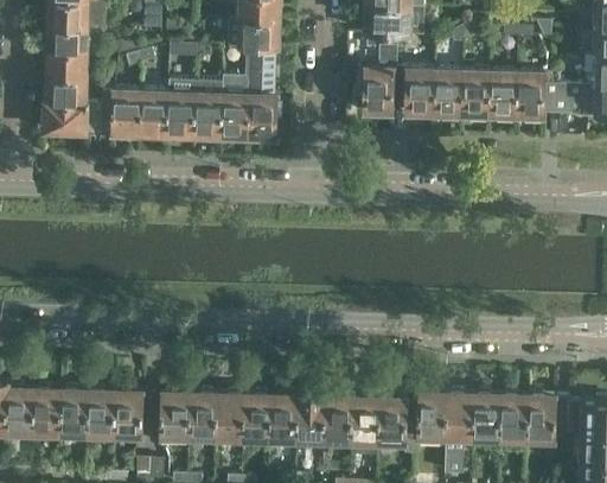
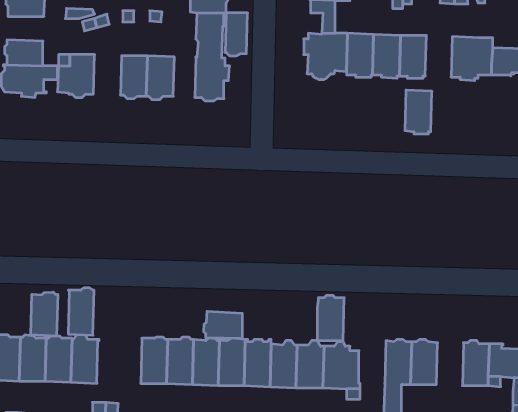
building: [45,51,87,77] -> none
building: [488,71,517,117] -> [405,90,432,134]
building: [139,91,168,136] -> none
building: [223,94,247,139] -> [225,13,248,56]
building: none -> [31,292,58,336]
building: none -> [204,311,242,339]
building: [162,388,190,438] -> [68,288,94,335]
building: [418,390,447,438] -> [317,296,344,341]
building: [500,393,529,440] -> none

